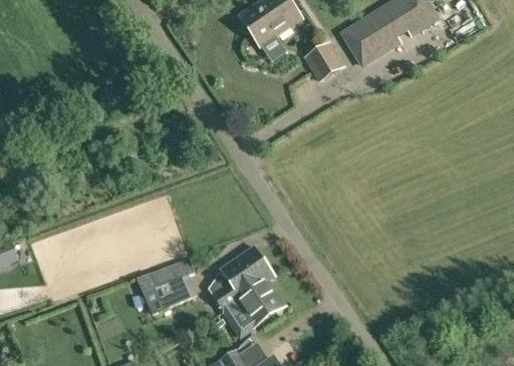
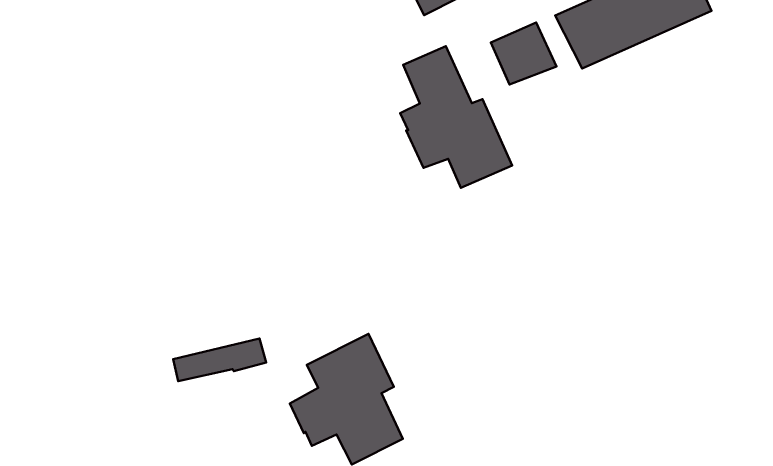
building: none -> [400,46,512,188]
building: [143,275,197,314] -> none

